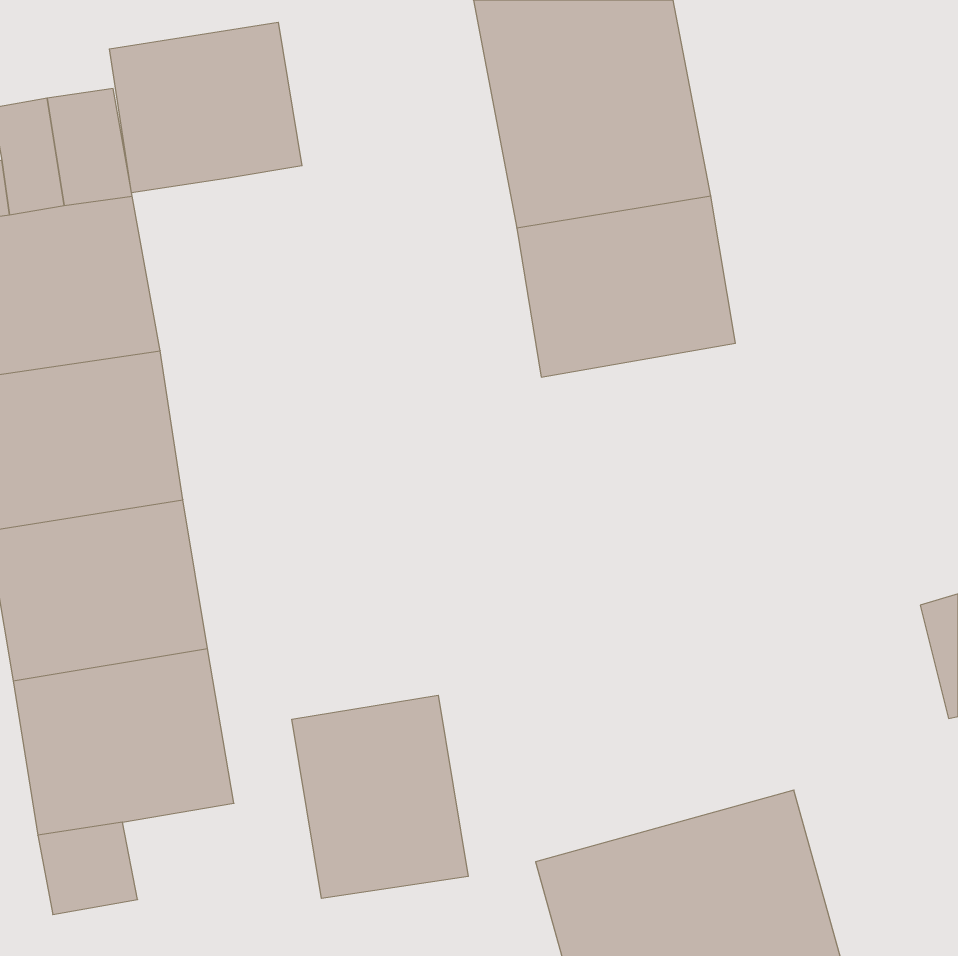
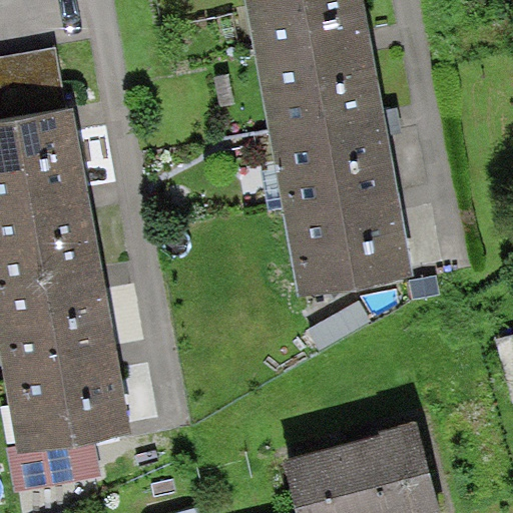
building: [109,22,302,193] -> none
building: none -> [288,186,406,289]
building: [292,695,468,898] -> none

